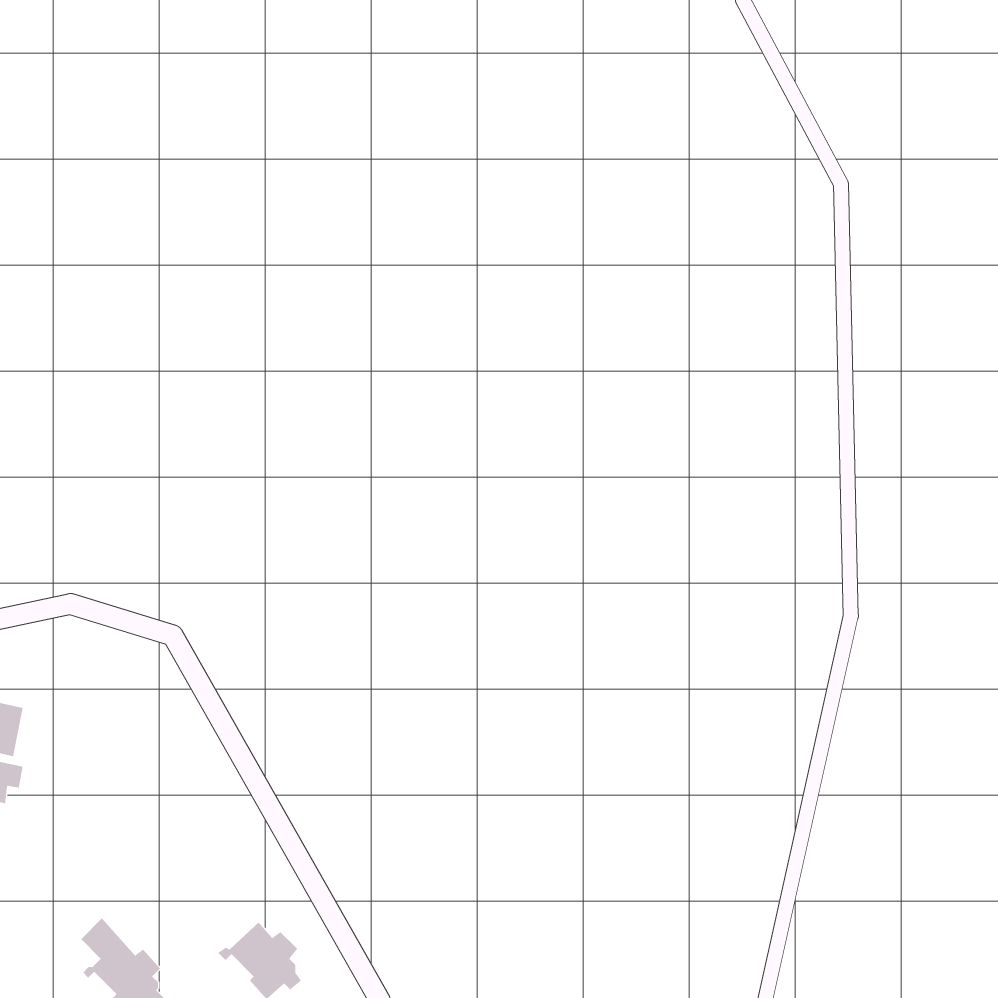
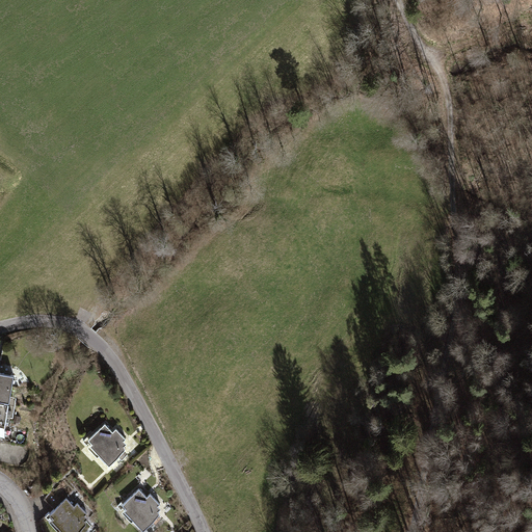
building: none -> [81,425,126,467]

